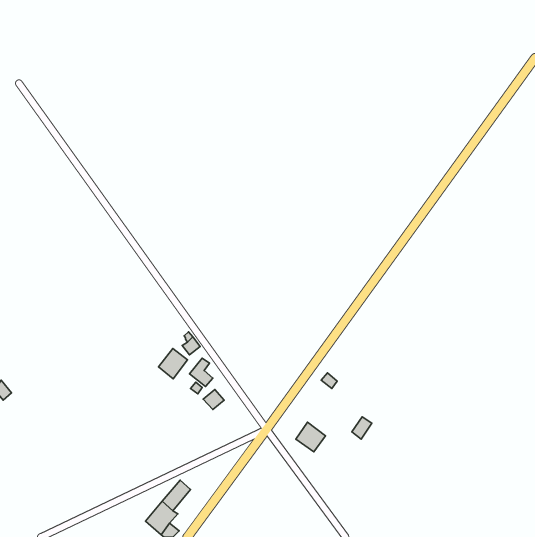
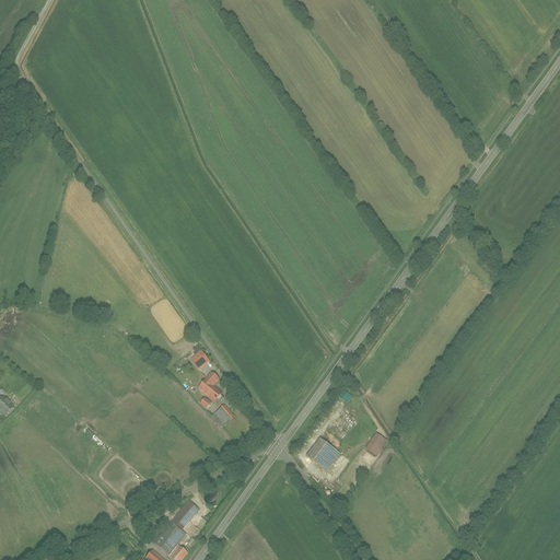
building: [158,349,187,379] -> none

